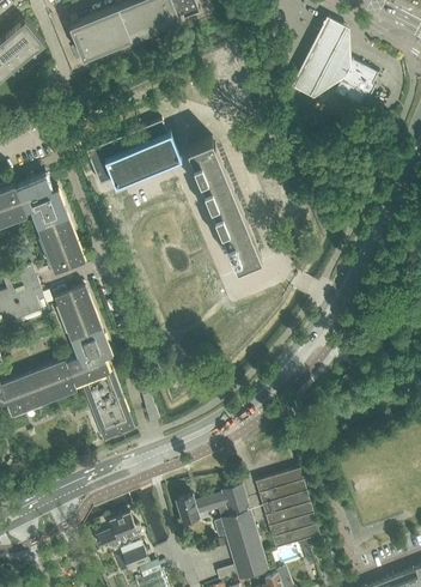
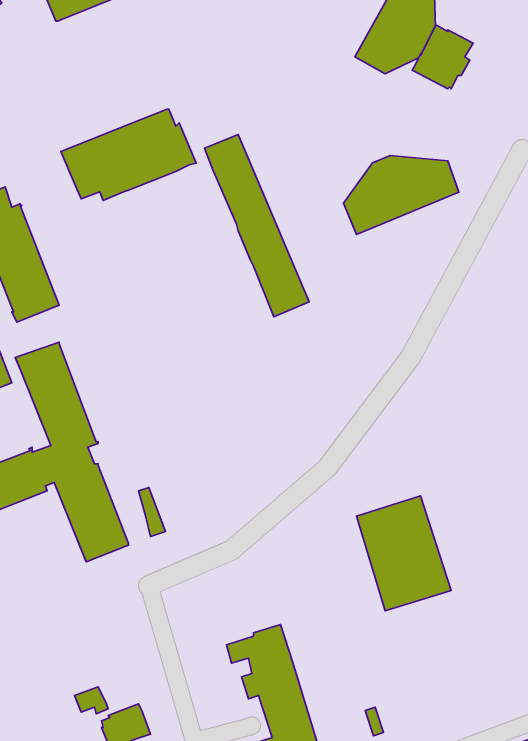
building: none -> [344,156,459,235]
building: [254,468,321,550] -> [356,496,451,611]
building: [173,496,207,524] -> none
building: [109,515,140,543] -> none

